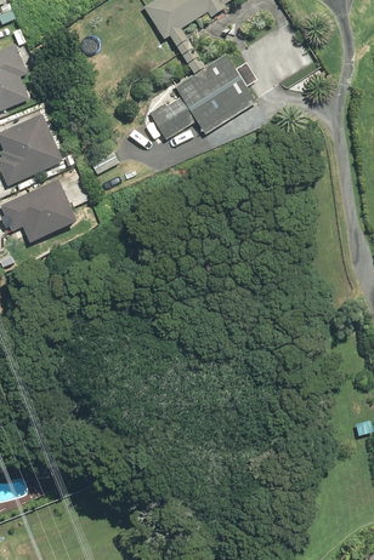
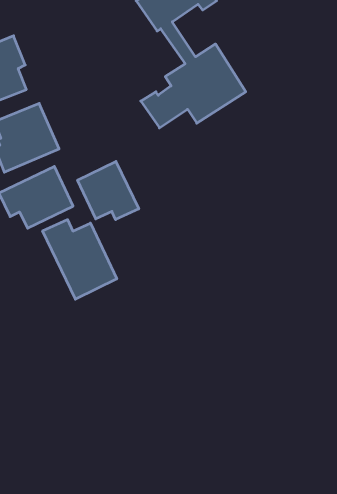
building: none -> [78,161,139,220]
building: none -> [43,220,117,299]

